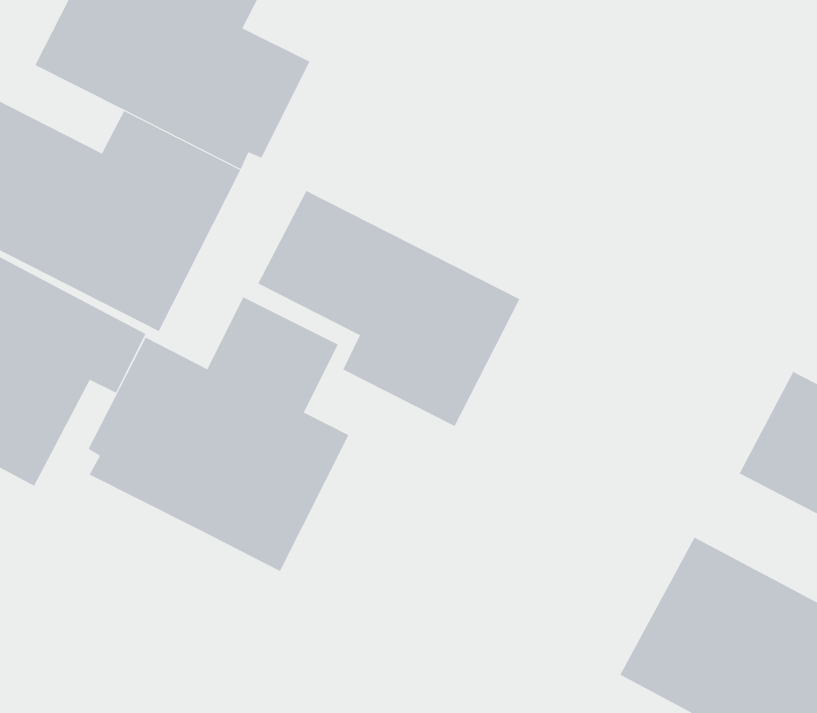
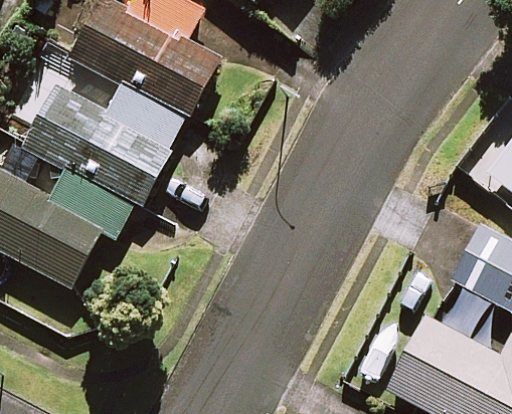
building: [258,190,520,427] -> none
building: [88,296,349,572] -> none

